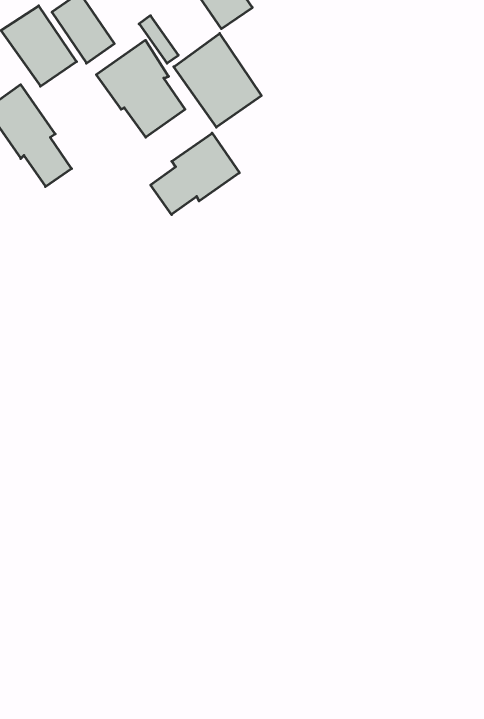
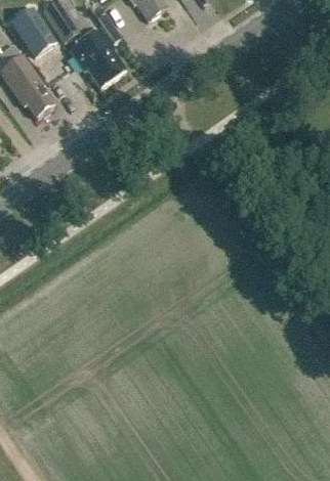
building: [174,33,261,127] -> none
building: [151,133,239,215] -> none

